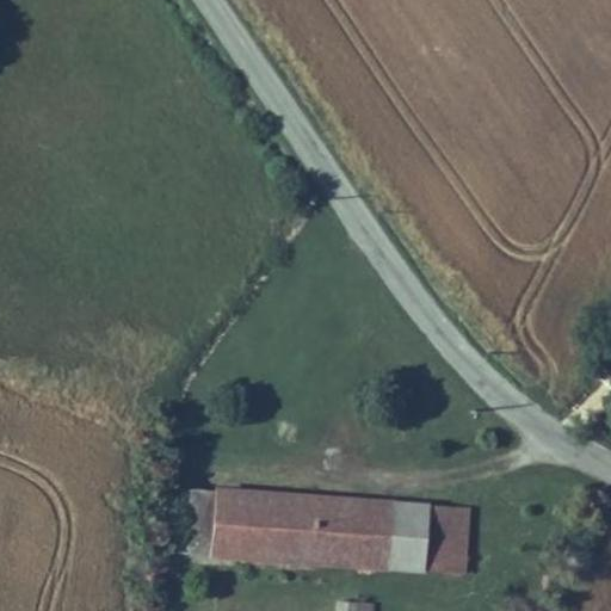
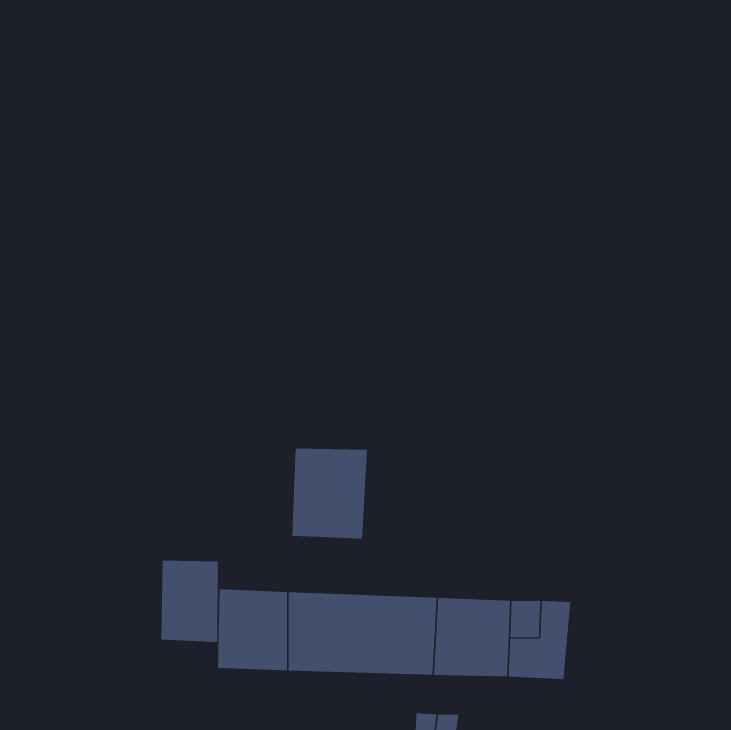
building: none -> [292,448,367,539]
building: none -> [161,560,218,643]

